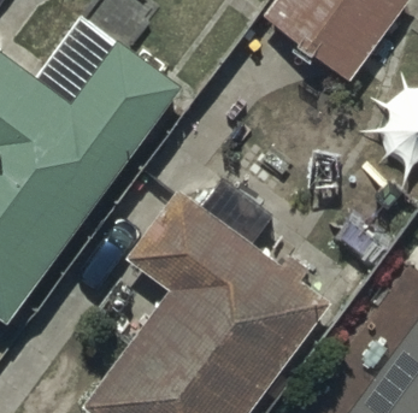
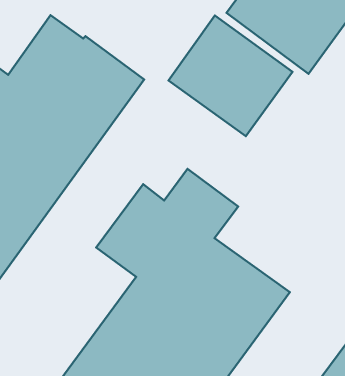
building: none -> [169,15,293,136]

